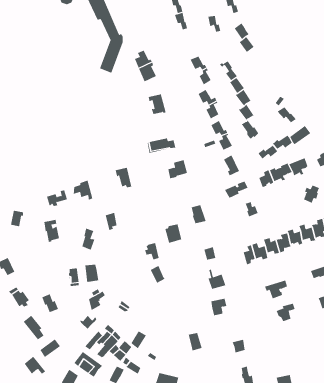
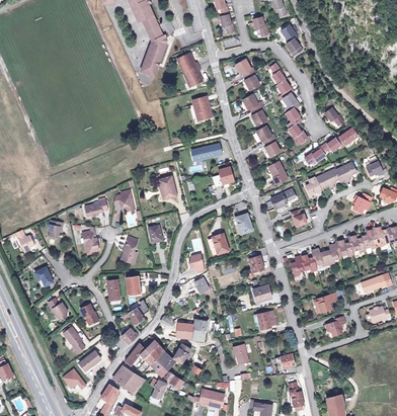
building: none -> [177,318,207,339]

